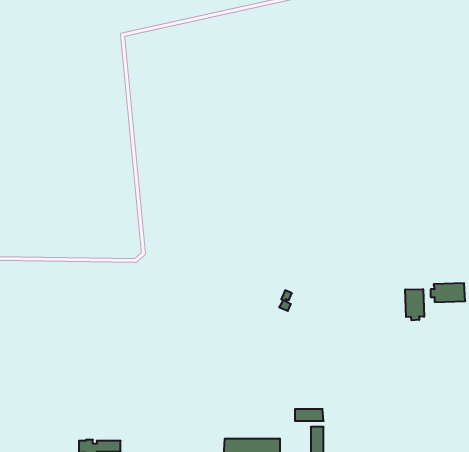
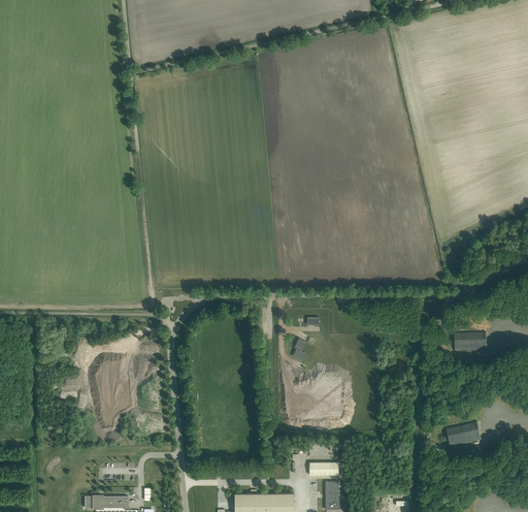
building: [405,289,424,320] -> none
building: none -> [443,421,482,446]

